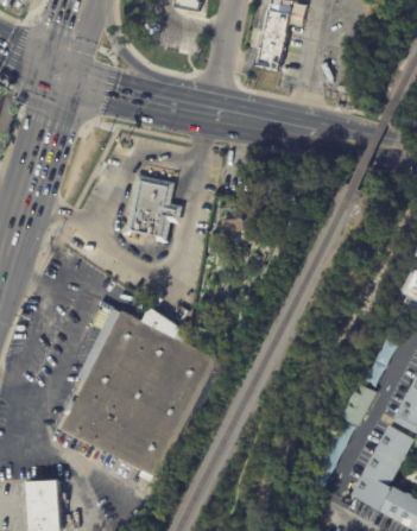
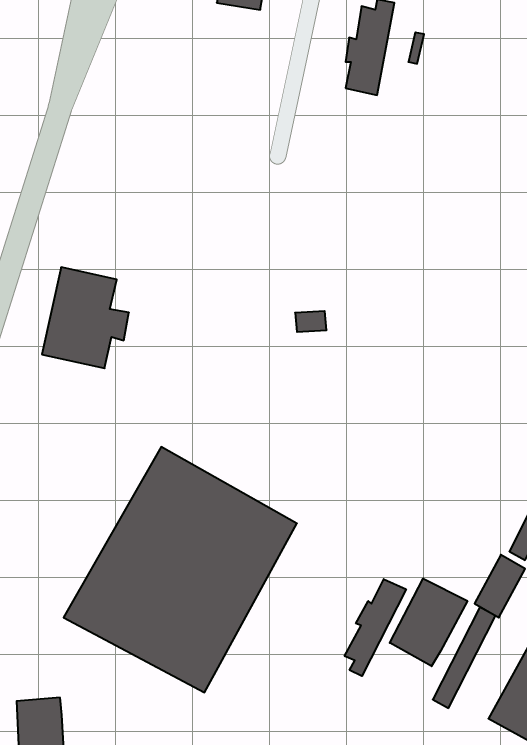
building: [120,173,179,242] -> [42,267,129,368]
building: none -> [390,578,467,666]
building: none -> [345,579,406,676]

